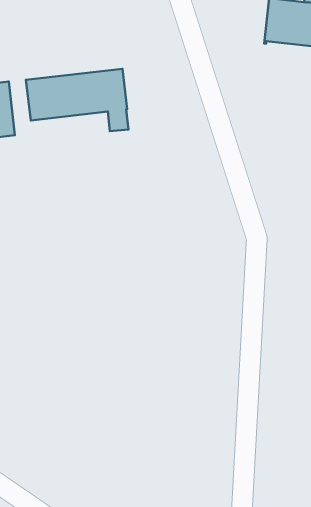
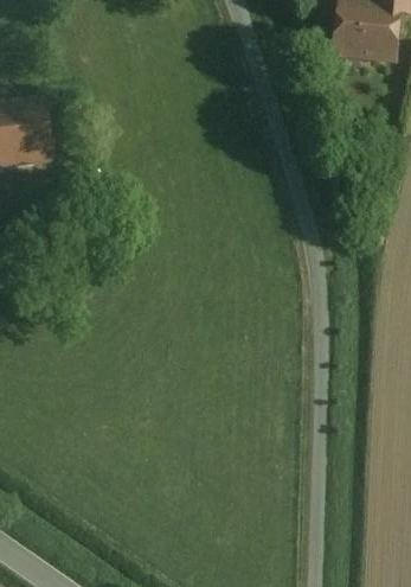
building: [26,69,129,131] -> none

